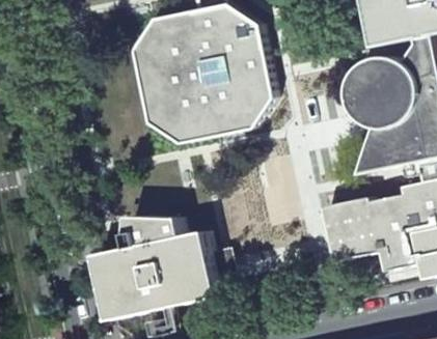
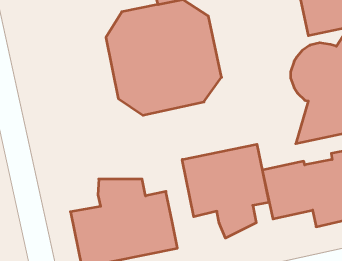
building: none -> [182,144,269,238]

